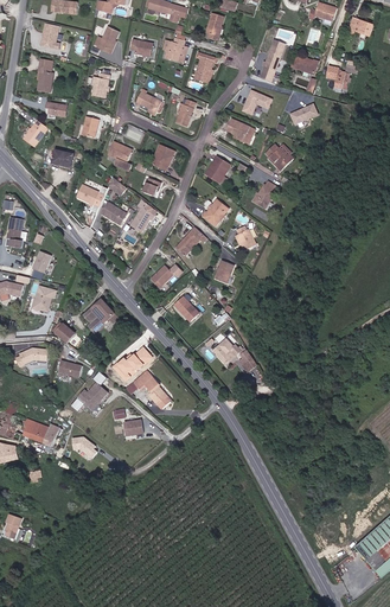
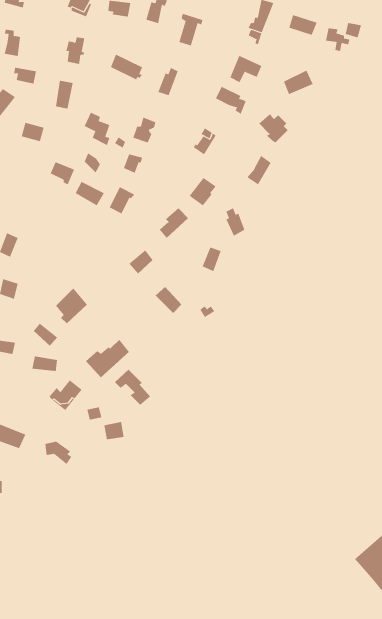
building: [215,340,255,373] -> none

